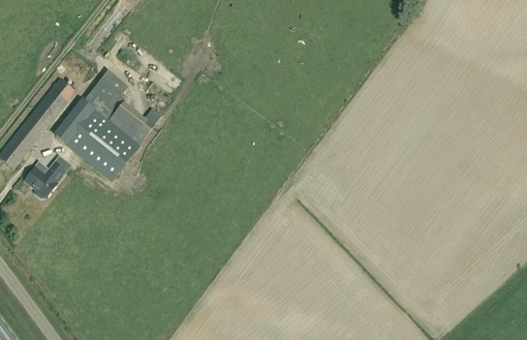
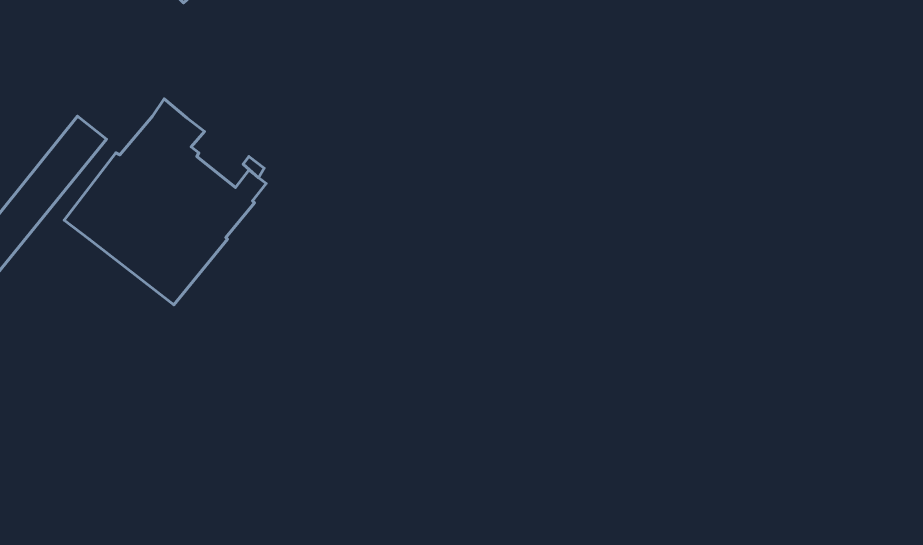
building: [24,155,70,197] -> none

